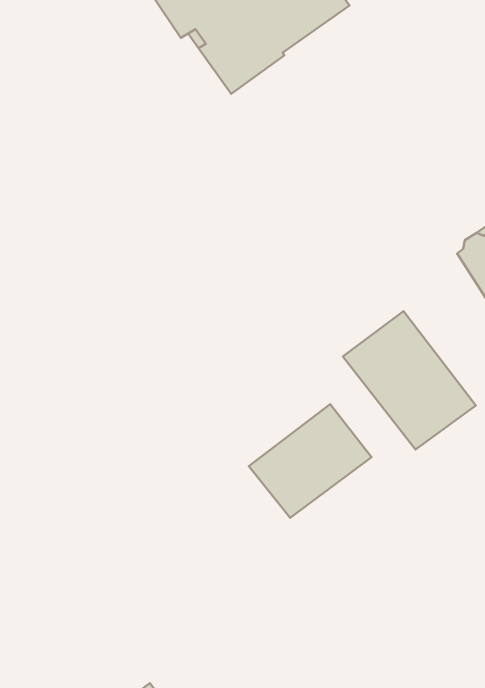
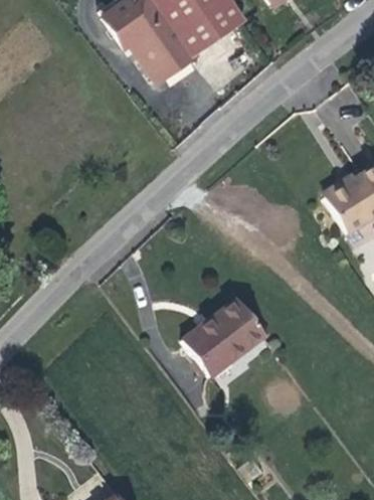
building: [343,311,476,449] -> none

